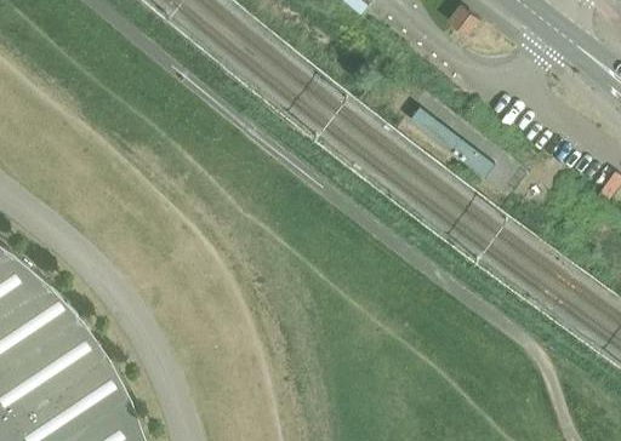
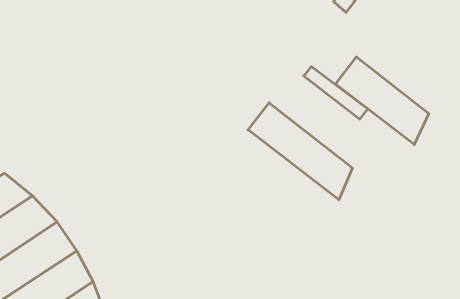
building: none -> [336,57,429,145]
building: none -> [248,103,352,200]

